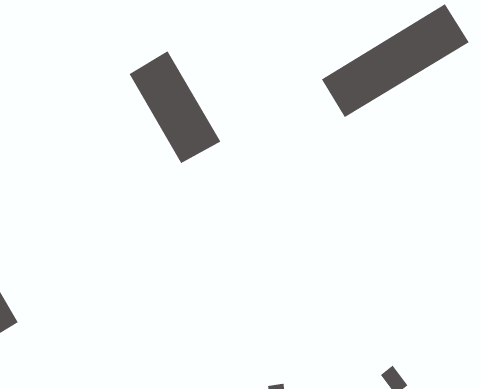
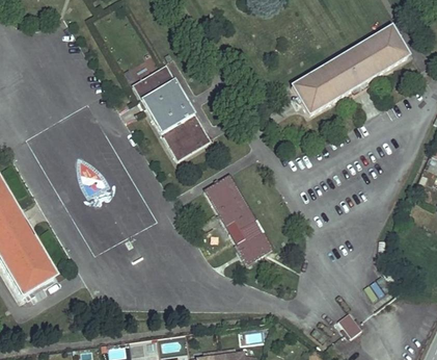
building: none -> [207,174,275,261]

